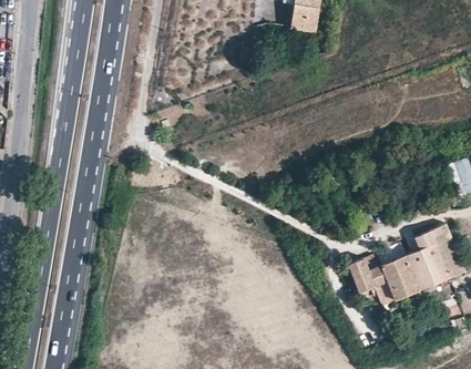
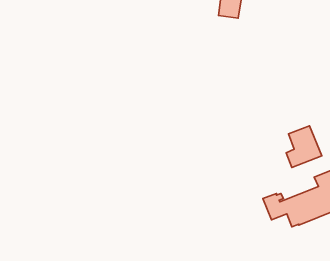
building: none -> [286,126,322,168]

